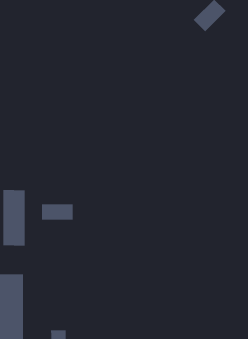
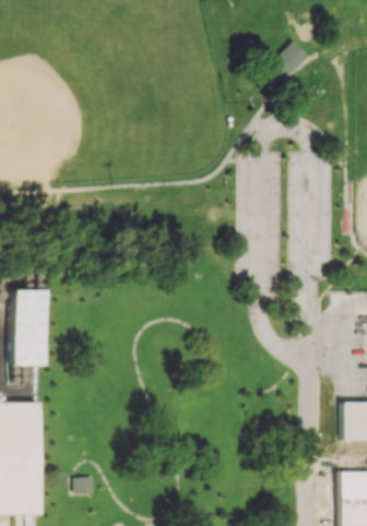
building: [41,204,73,220] -> none

